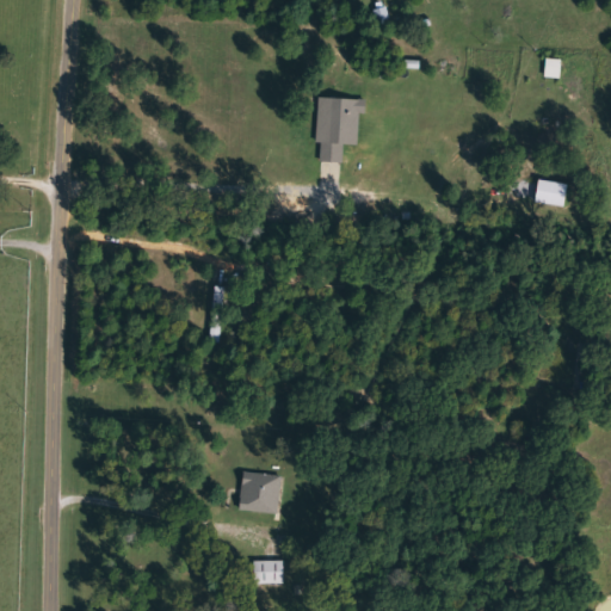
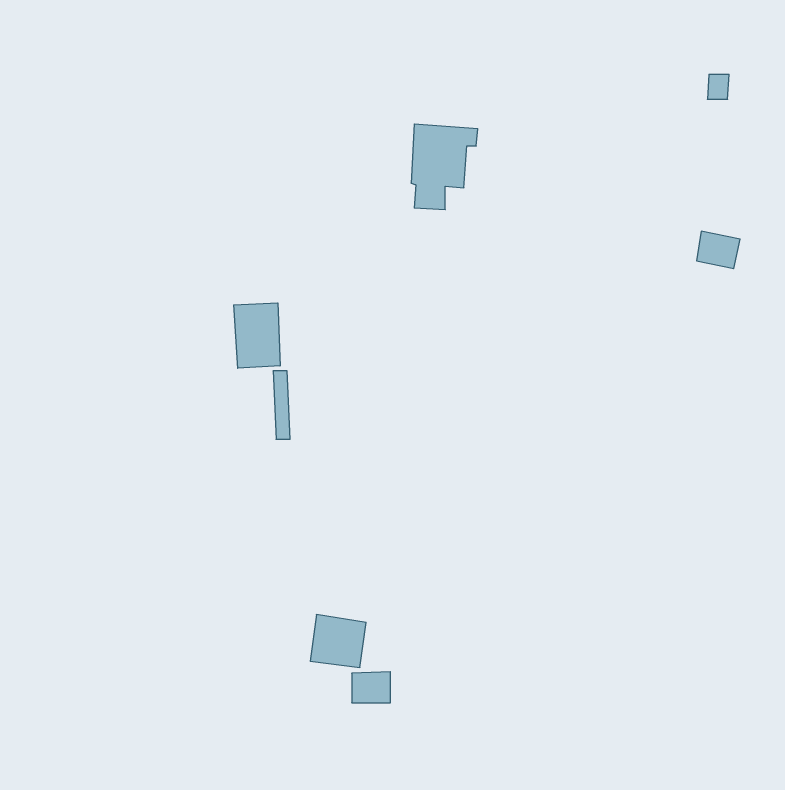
building: none -> [234,303,280,368]
building: [254,558,284,582] -> [352,672,390,703]

